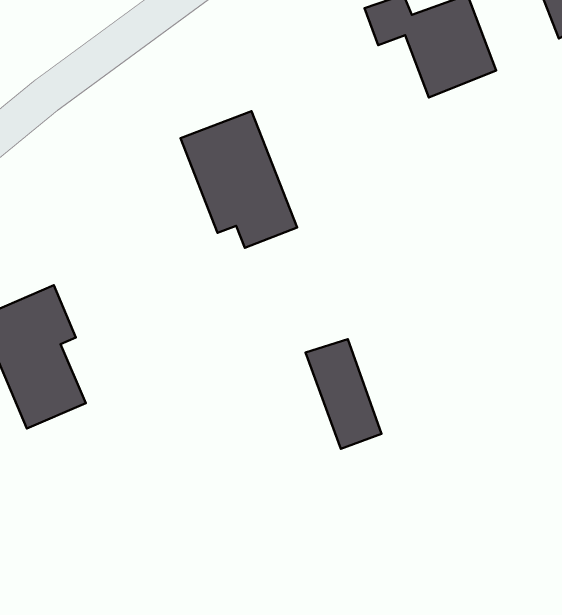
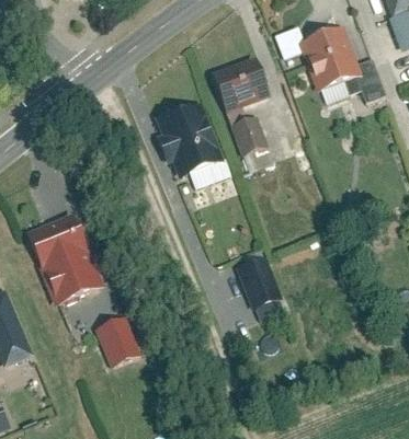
building: none -> [212,58,271,158]
building: none -> [96,320,136,367]

